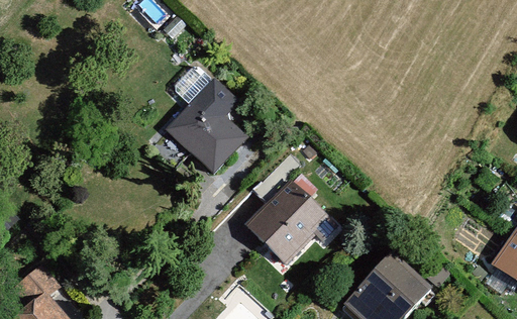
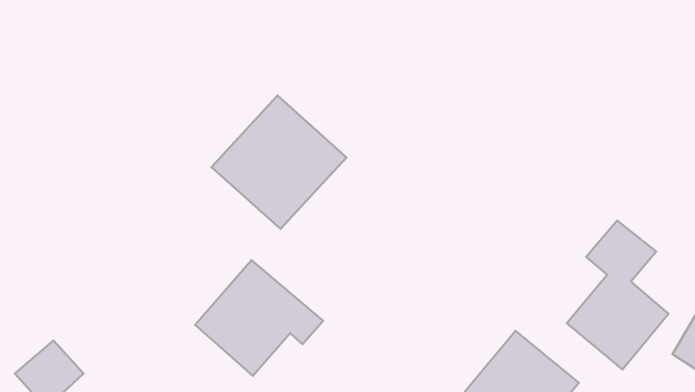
building: none -> [567,221,668,370]
building: [245,177,339,261] -> [195,260,323,376]

